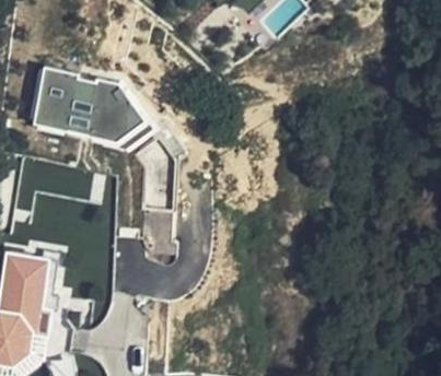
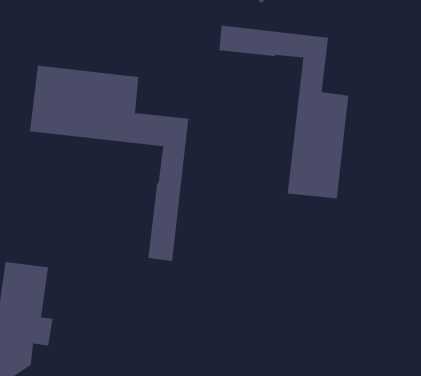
building: none -> [219,25,349,199]

